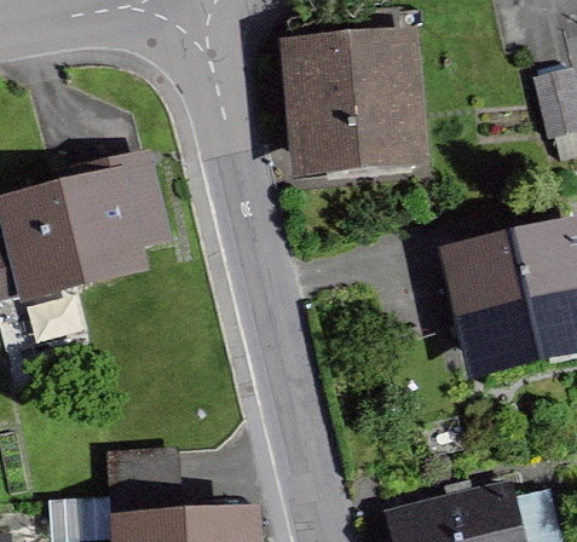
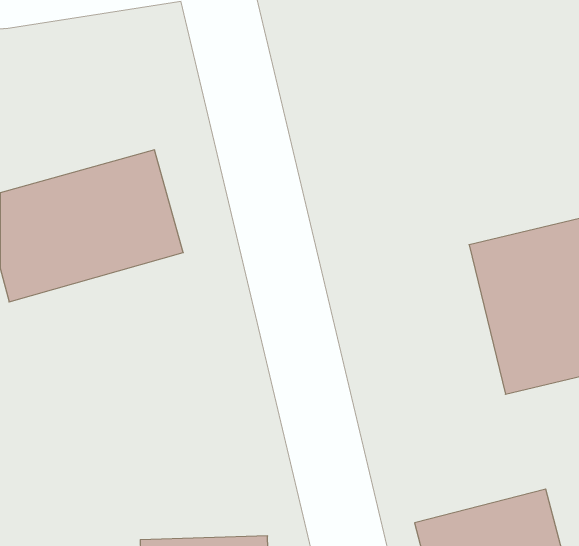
building: [272,27,420,174] -> none

